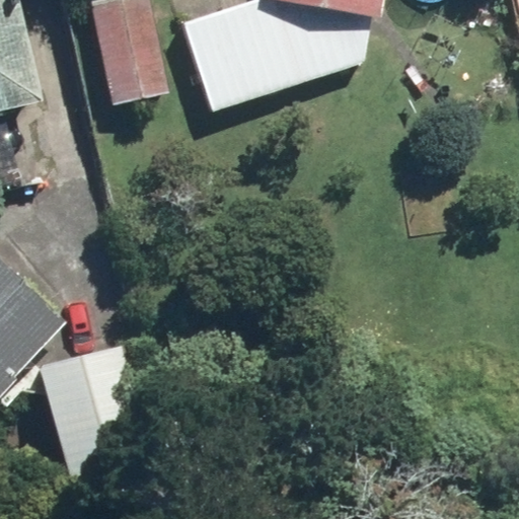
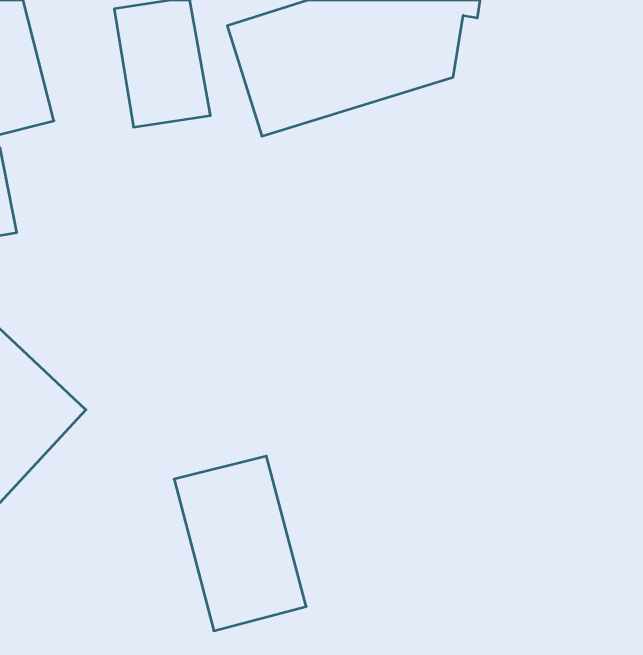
building: [38,348,142,486] -> [174,456,306,631]

